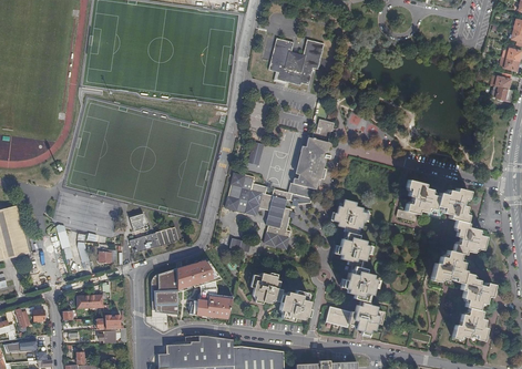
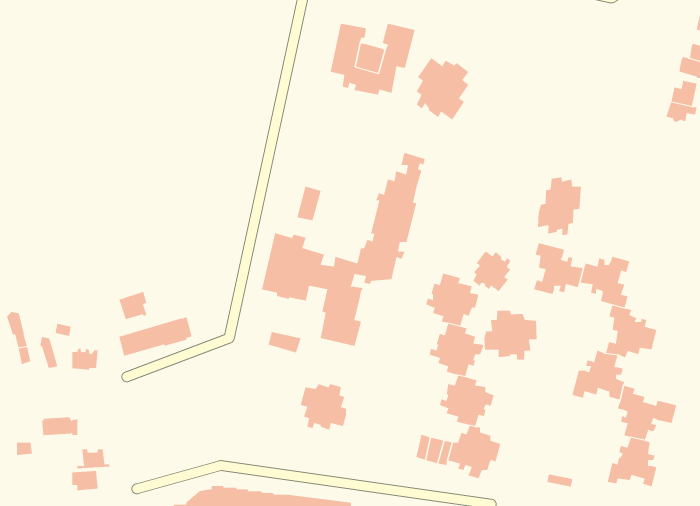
building: none -> [416,57,469,121]
building: none -> [537,176,582,236]
building: none -> [472,251,511,292]
building: none -> [484,310,537,361]
building: [151,259,233,317] -> none
building: [278,288,309,319] -> none

